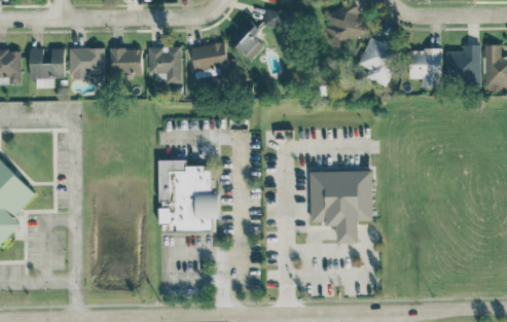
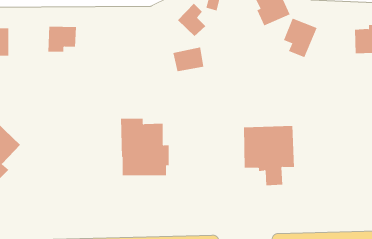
building: [189,41,228,72] -> [173,47,204,72]
building: [148,46,181,83] -> none
building: [29,48,65,88] -> none
building: [110,48,142,73] -> none
building: [409,49,442,87] -> none

